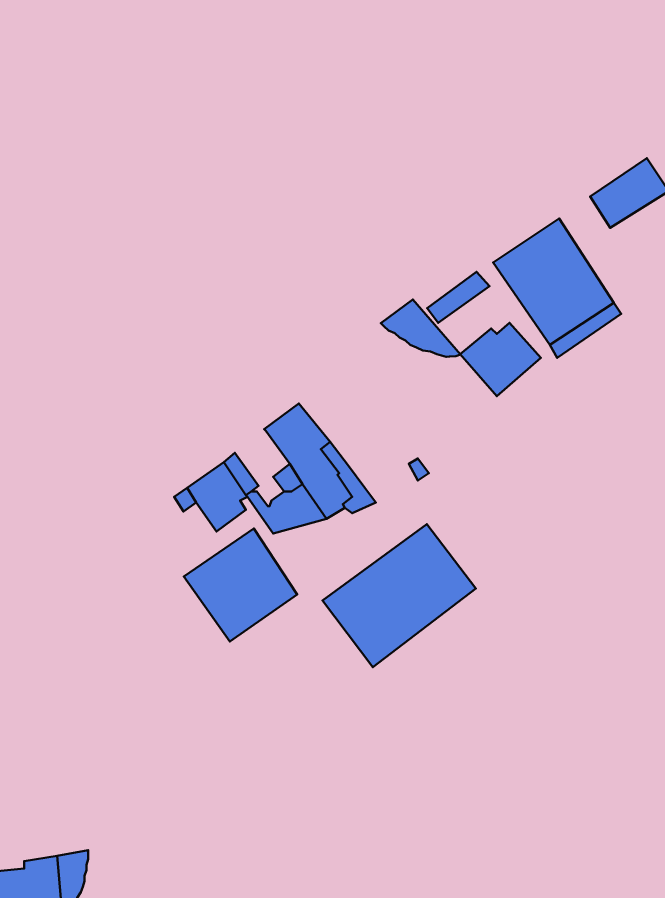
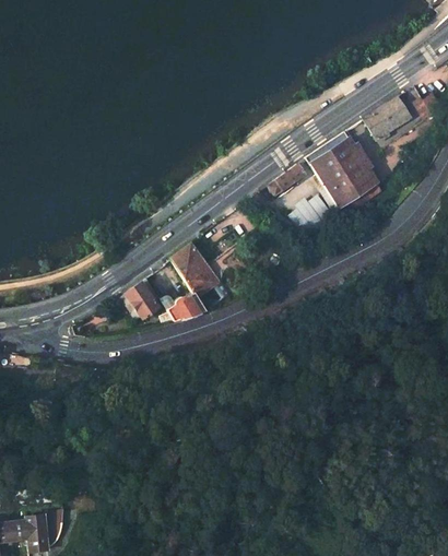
building: [381,300,460,357] -> none
building: [323,524,476,667] -> none
building: [184,529,297,641] -> none

